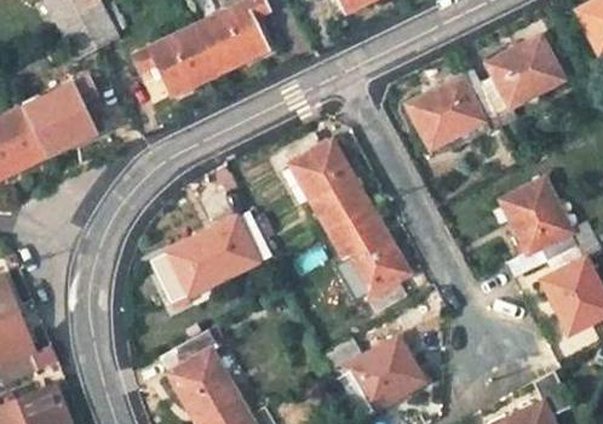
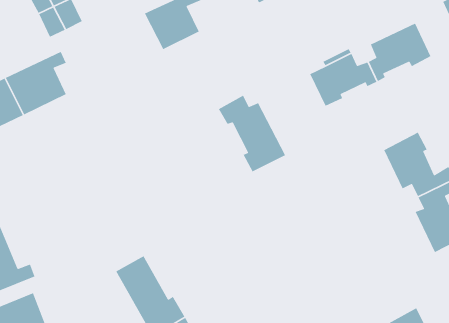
building: [131,27,219,96] -> none
building: [333,208,412,314] -> none
building: [148,211,270,305] -> none
building: [325,336,420,401] -> none

